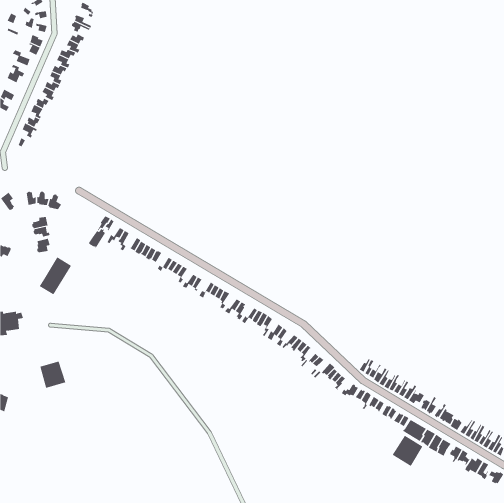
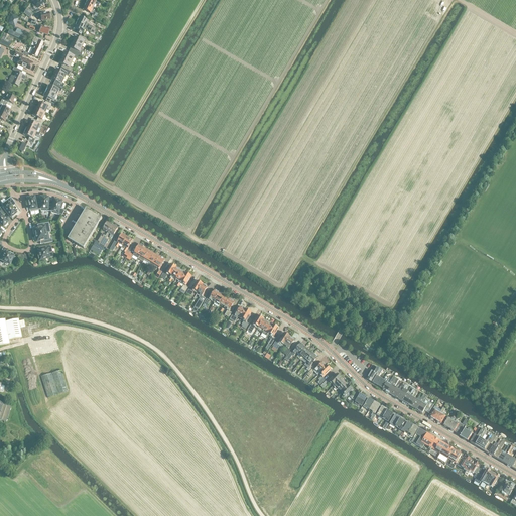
building: [39,257,72,295] -> [68,207,101,246]
building: [392,435,423,467] -> none

